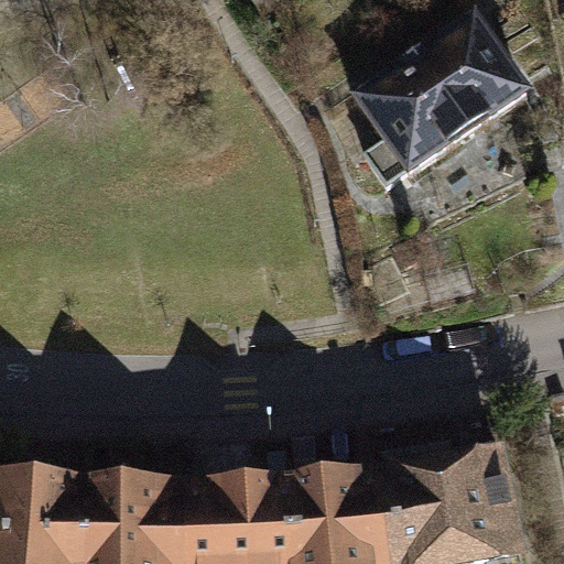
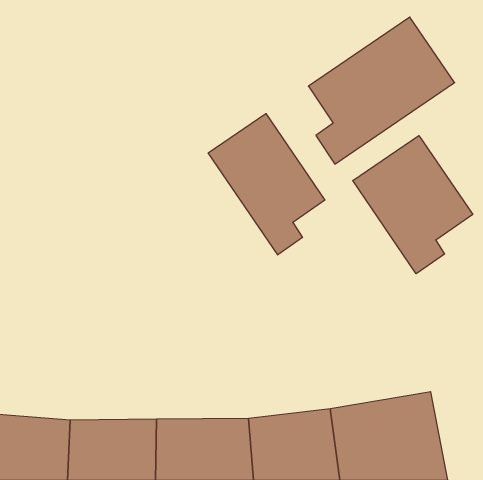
building: none -> [208,114,325,255]
building: none -> [353,136,473,274]

